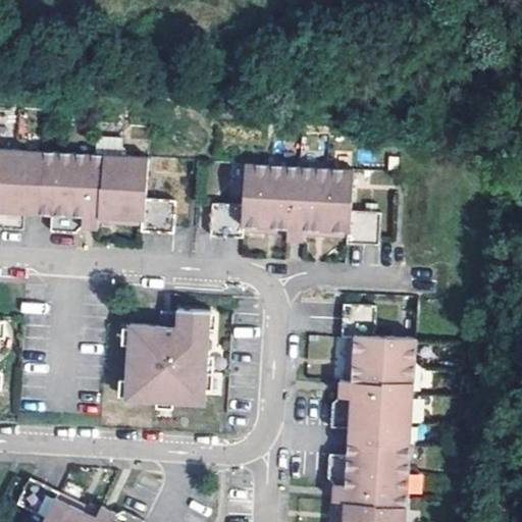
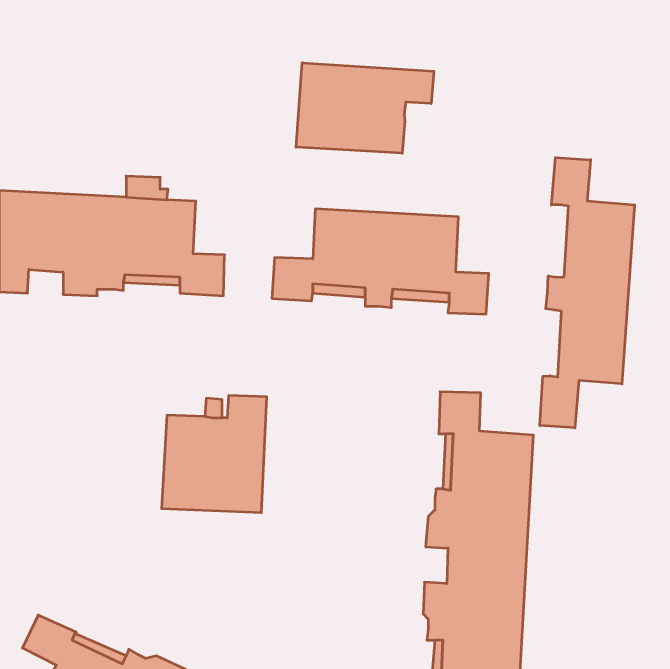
building: none -> [296,63,434,153]
building: none -> [540,158,635,428]

